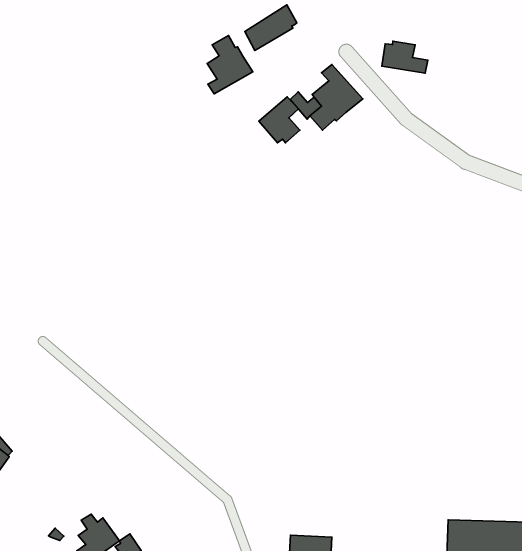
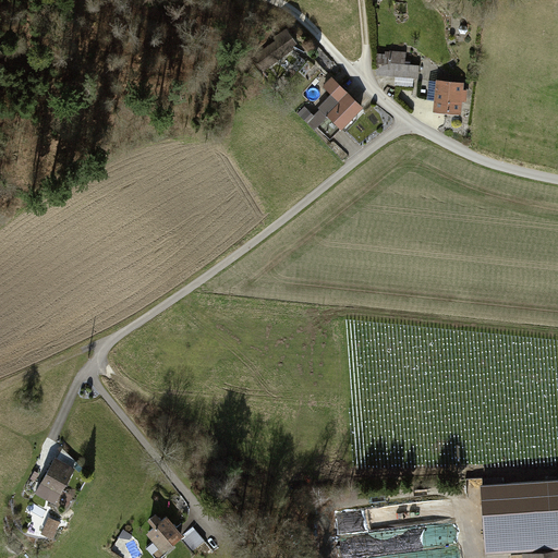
building: [207,36,253,94] -> none
building: none -> [433,81,469,116]
building: [259,97,300,143] -> none

